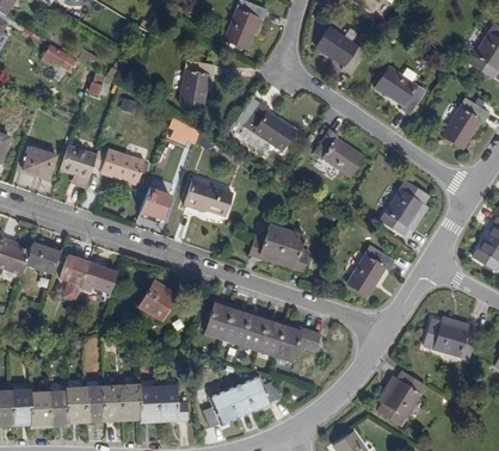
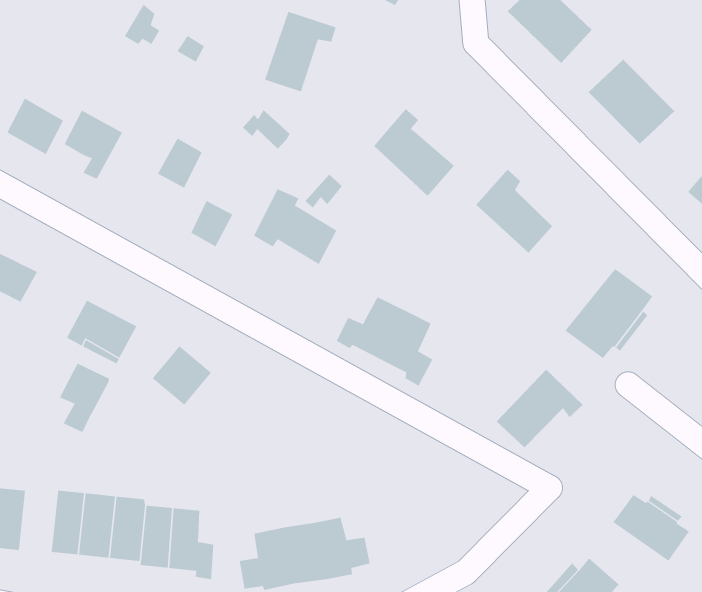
building: [98,149,125,179] -> none
building: [58,254,87,296] -> [59,363,110,433]
building: [203,296,320,353] -> none
building: [70,381,92,420] -> none

